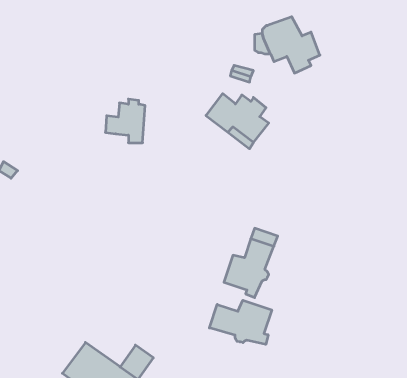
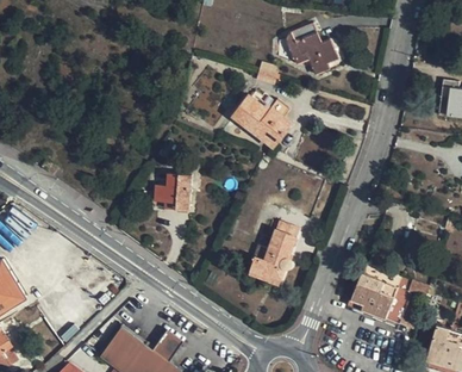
building: [105,99,145,143] -> [155,169,192,210]
building: none -> [349,273,412,324]
building: [209,300,272,344] -> none

